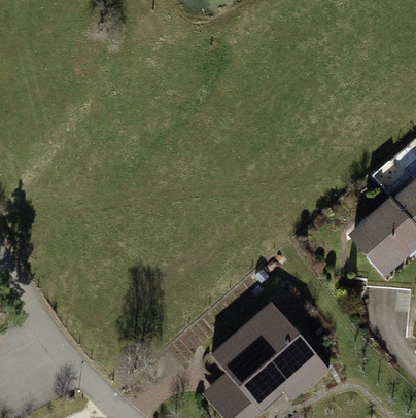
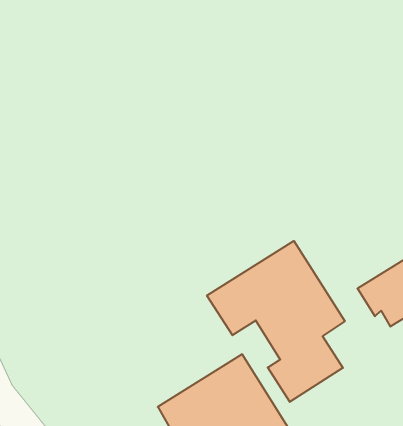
building: none -> [207,241,345,402]

